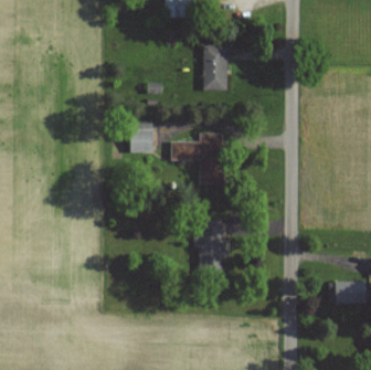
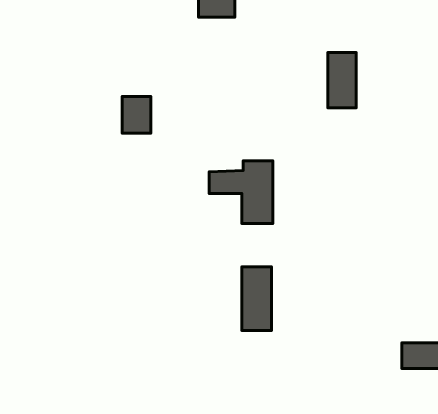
building: [203,45,226,91] -> [328,52,356,108]
building: [129,123,152,152] -> [122,96,151,133]

